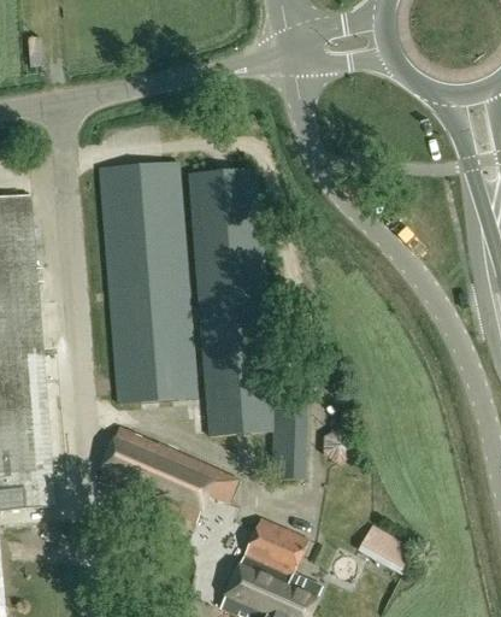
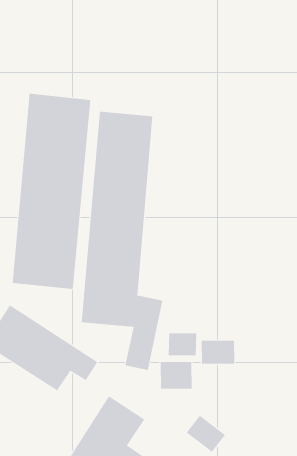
building: none -> [201,340,235,365]
building: none -> [160,361,192,390]

